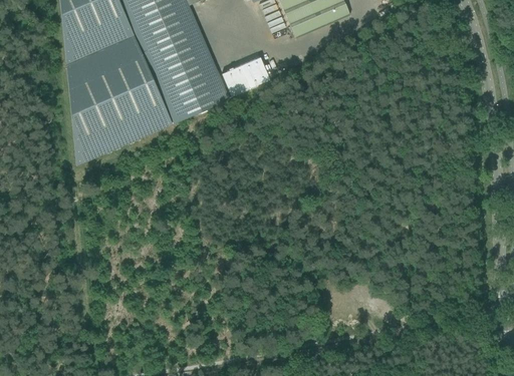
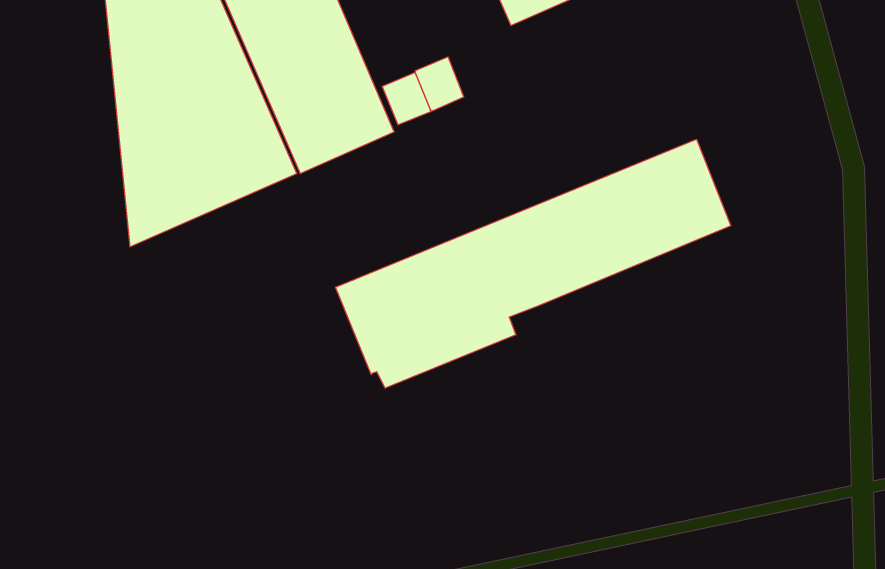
building: none -> [336,139,731,388]

